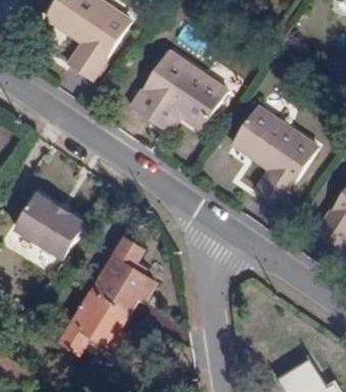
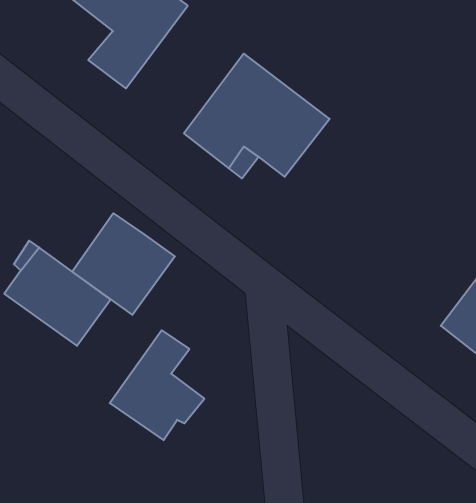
building: [233,106,318,205] -> none
building: none -> [72,213,175,315]
building: [62,290,132,352] -> none

